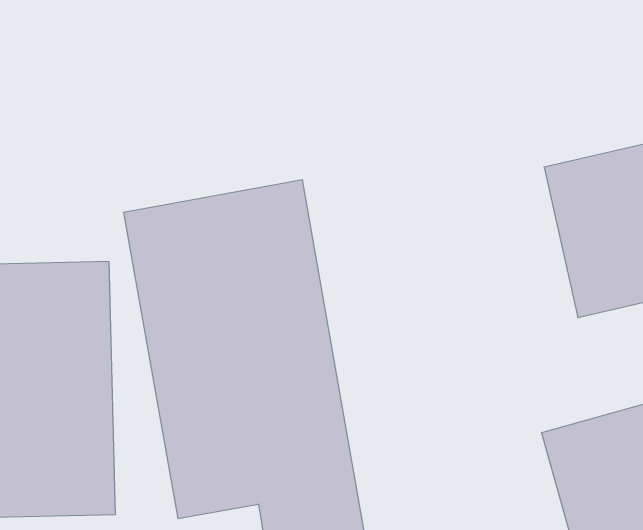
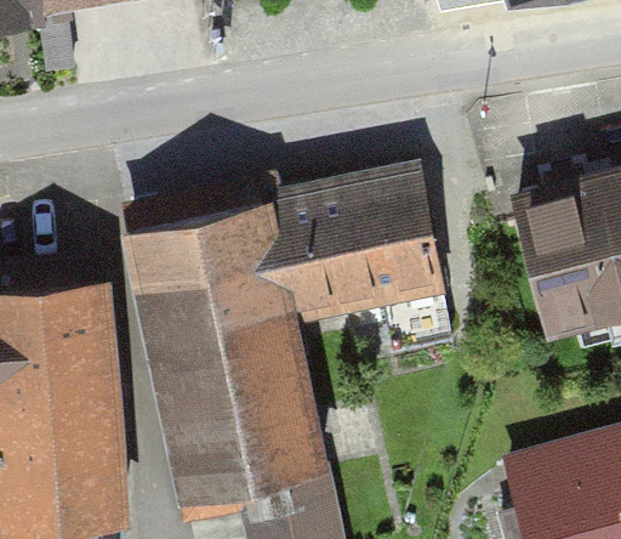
building: none -> [290,164,457,316]

